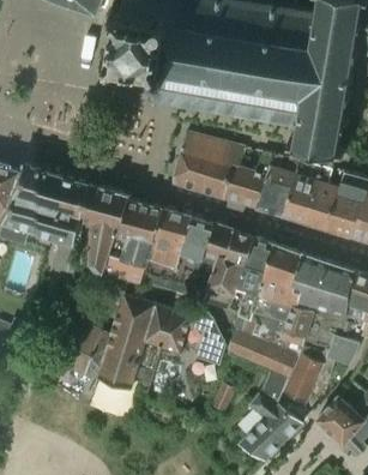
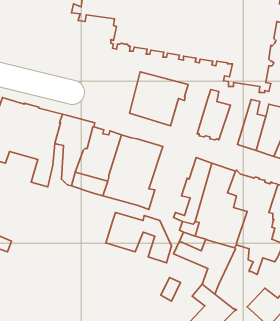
building: [224,151,273,208] -> none
building: [283,160,322,221] -> none
building: [198,223,255,309] -> none
building: [48,294,157,387] -> none
building: [283,343,325,403] -> none

